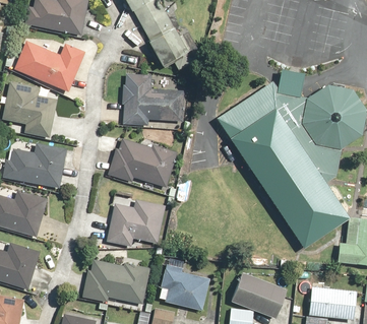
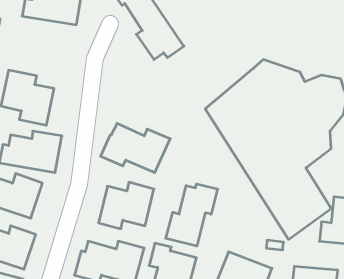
building: [11,39,84,92] -> none
building: [121,72,182,125] -> none
building: none -> [166,184,218,246]

